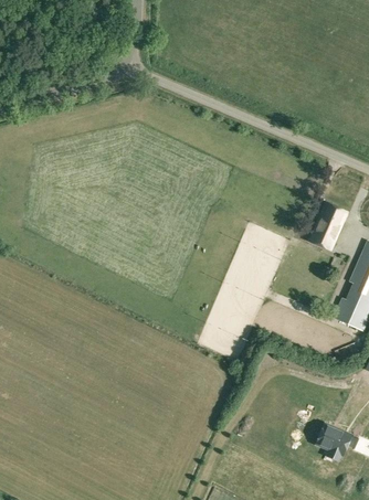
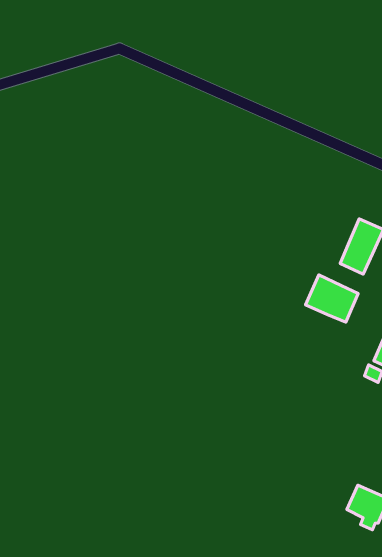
building: none -> [306,275,358,322]

